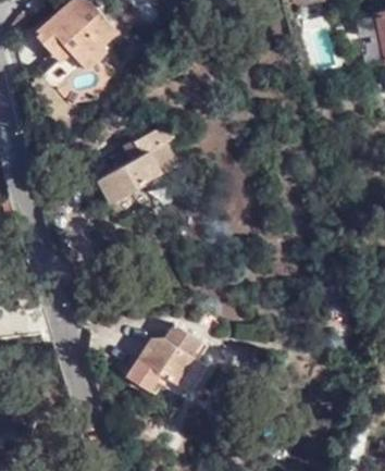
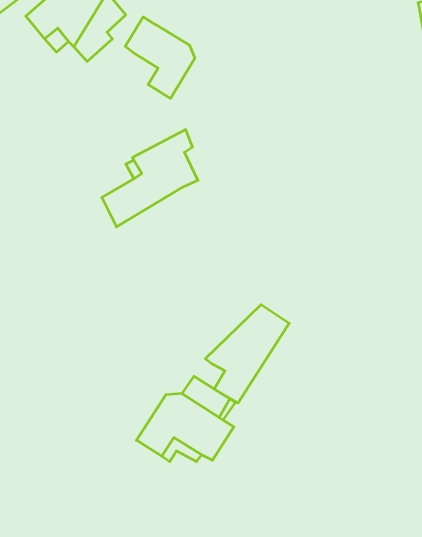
building: none -> [125,17,195,98]
building: none -> [205,305,289,403]

